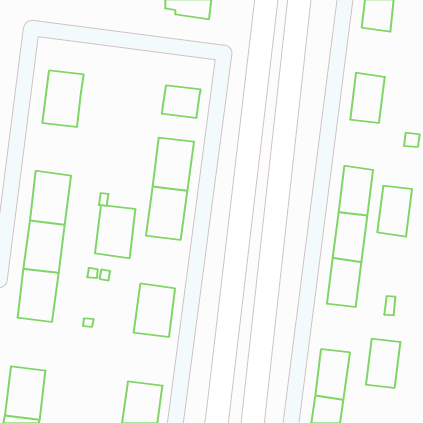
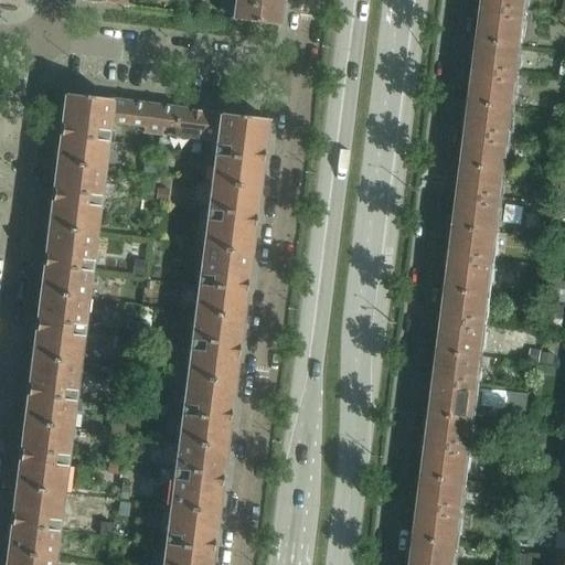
building: none -> [473,36,520,103]
building: none -> [108,99,221,142]
building: none -> [211,151,262,189]
building: none -> [47,163,103,234]
building: [377,186,412,236] -> [458,159,504,226]
building: [95,205,136,258] -> [186,313,241,384]
building: none -> [14,423,70,493]
building: none -> [170,443,225,513]
building: [366,339,401,388] -> [427,404,473,469]

